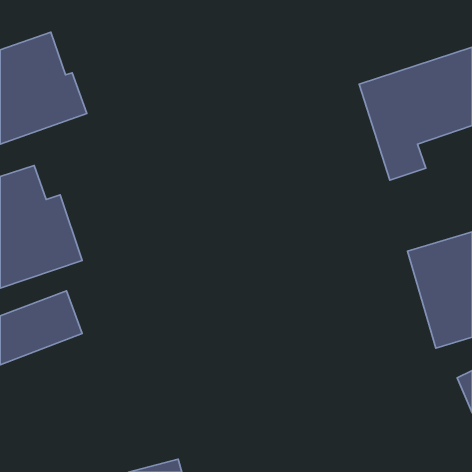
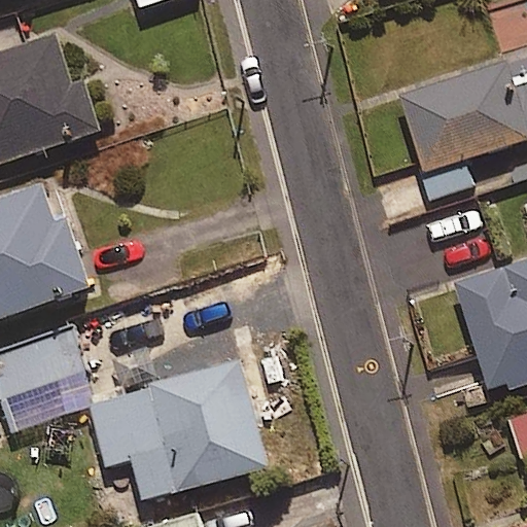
building: none -> [85,360,272,502]

